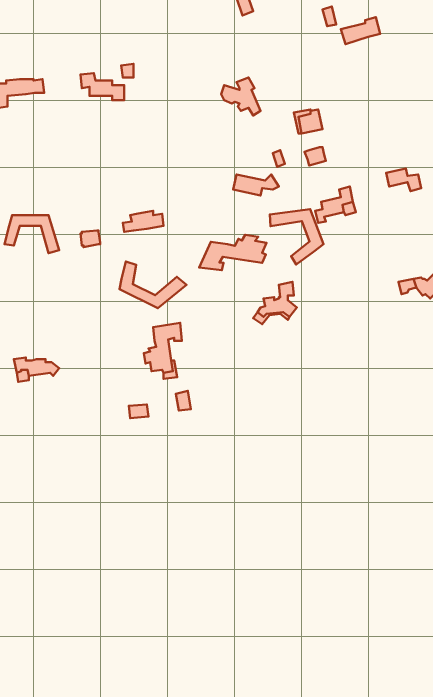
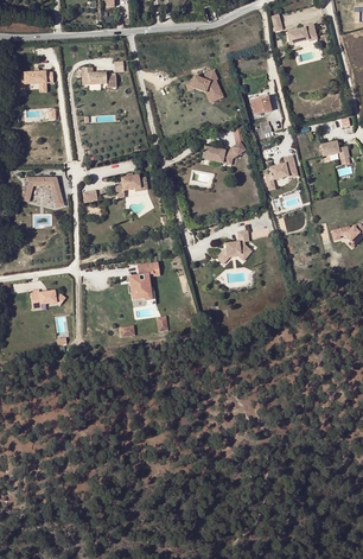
building: [270,209,323,264] -> none
building: [199,235,266,270] -> none
building: [120,261,187,308] -> none

